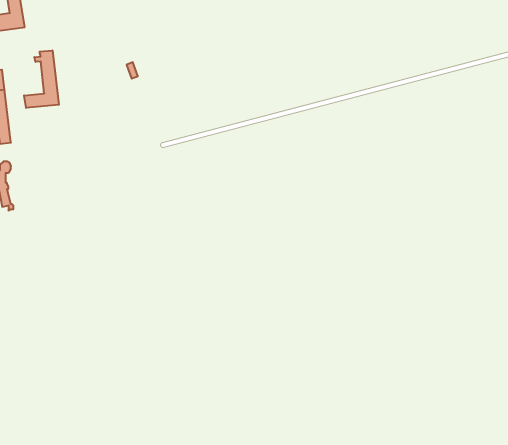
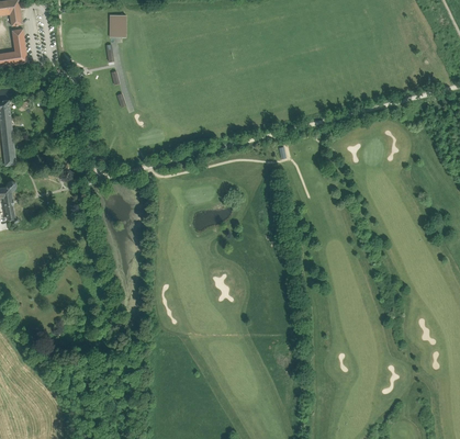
building: [24,50,59,108] -> none

